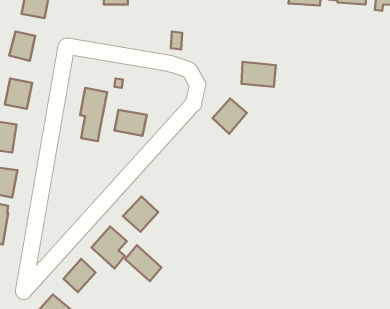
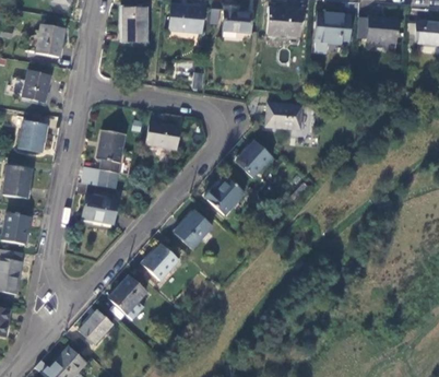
building: [114,110,147,136] -> [145,121,179,149]
building: none -> [203,176,244,214]
building: none -> [81,195,117,224]
building: none -> [175,210,212,248]
building: [125,245,161,281] -> none

